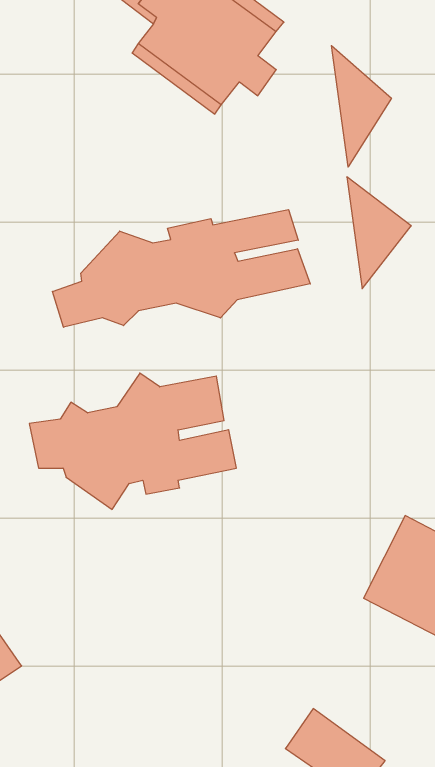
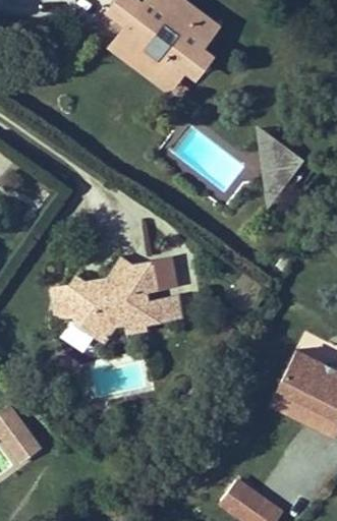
building: [331,46,391,167] -> none
building: [52,210,310,327] -> none

